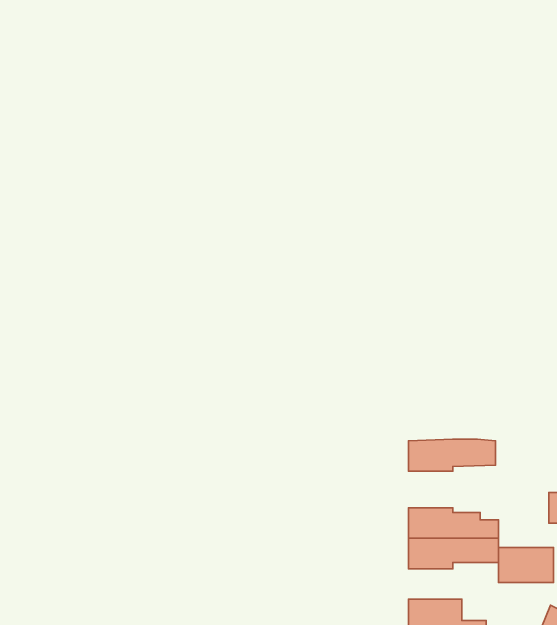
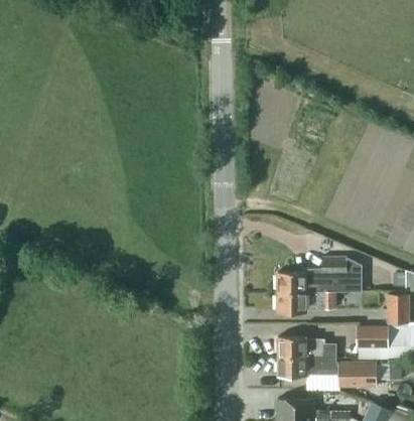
building: none -> [276,259,361,294]

